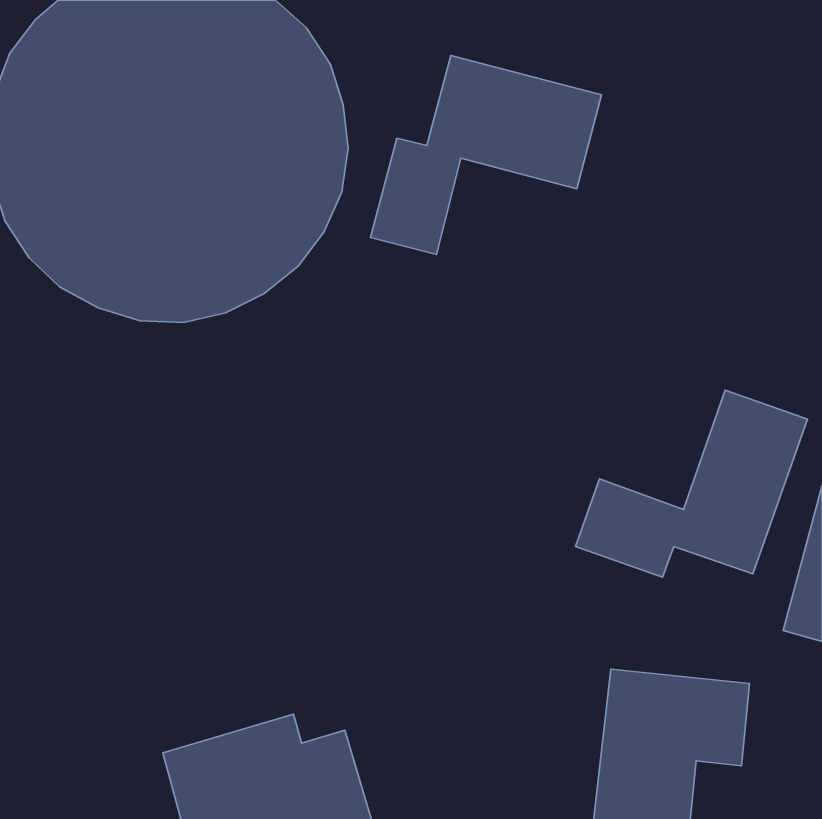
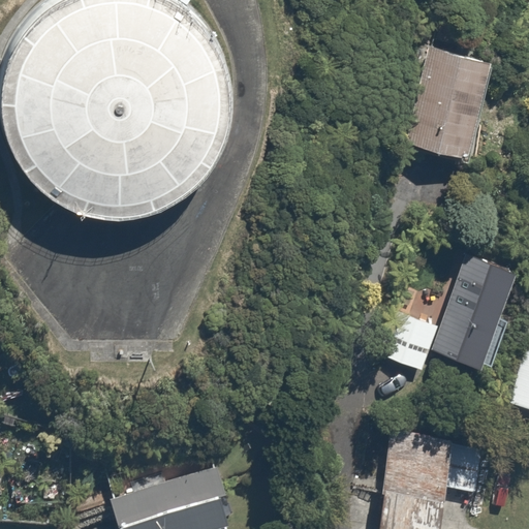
building: [371,55,601,254] -> none
building: none -> [397,50,492,163]

